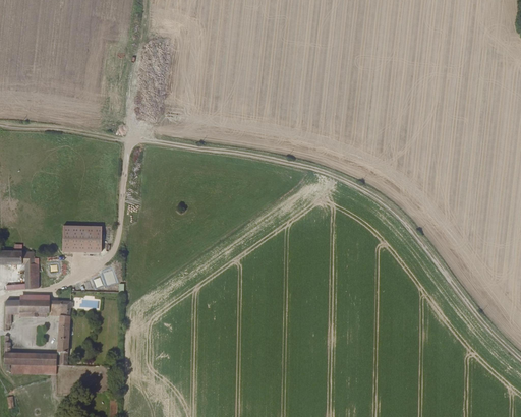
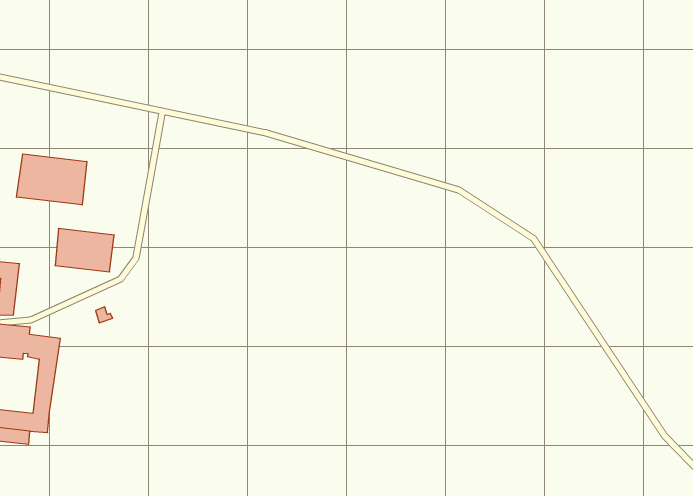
building: none -> [17,154,87,205]

